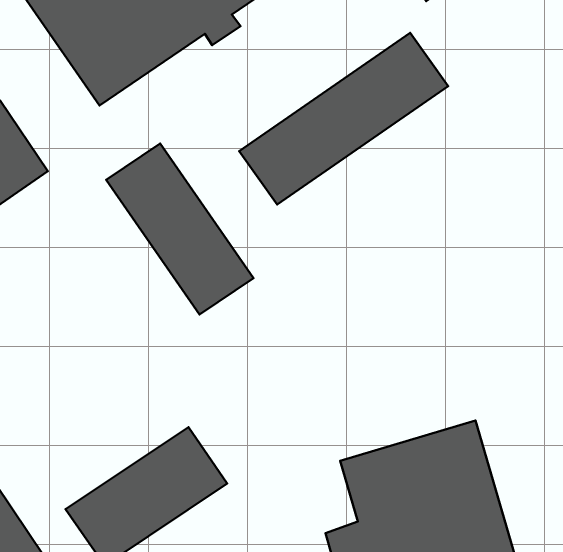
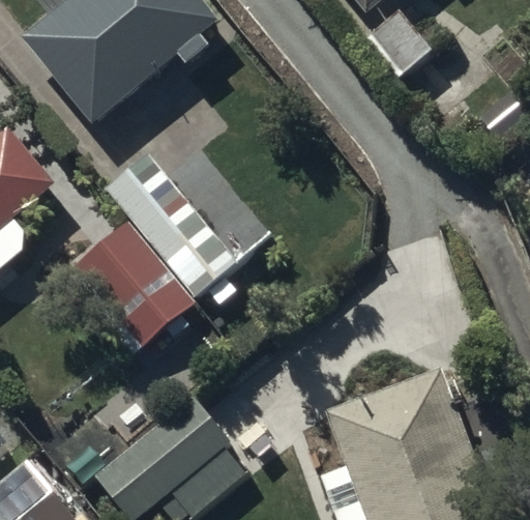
building: [239,33,448,204] -> none
building: none -> [76,221,195,345]

